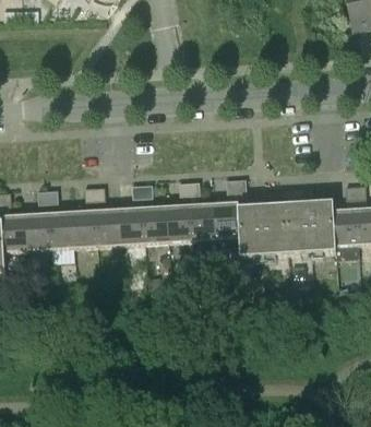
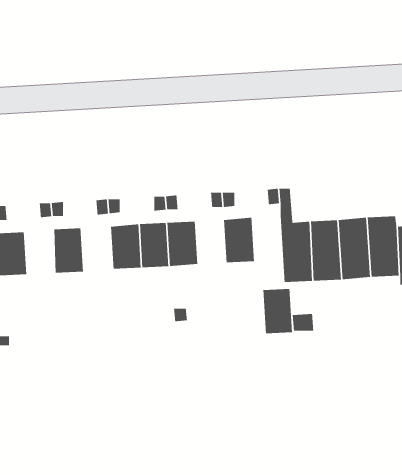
building: [214,201,239,239] -> [263,288,293,334]
building: [167,204,192,241] -> none
building: [72,210,98,248] -> none
building: [25,212,50,250] -> none

